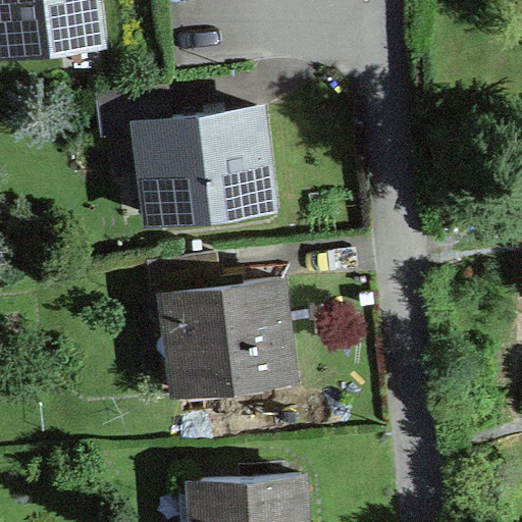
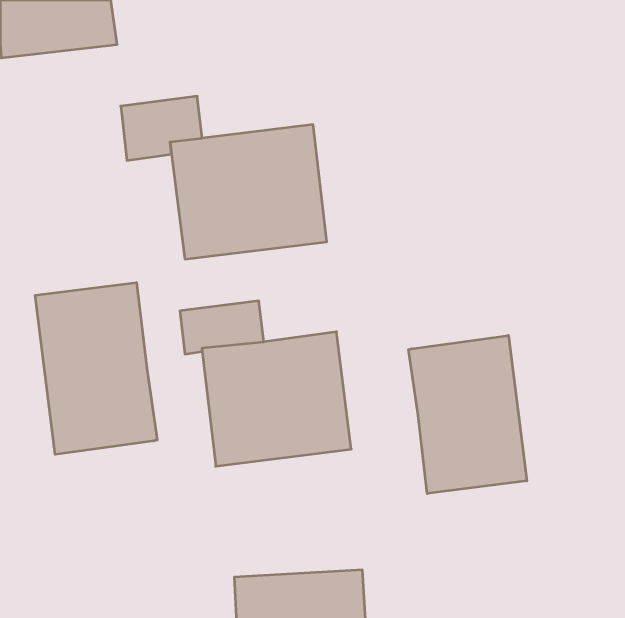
building: none -> [35,283,157,454]
building: none -> [408,335,527,494]

